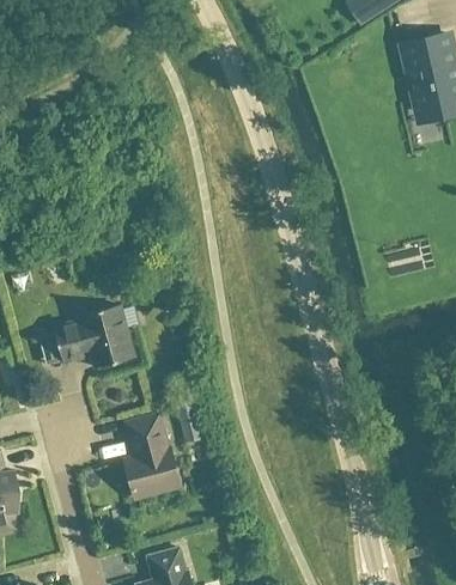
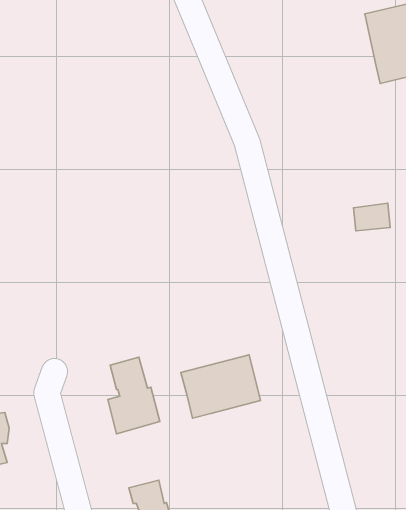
building: [54,305,133,367] -> none
building: none -> [181,355,260,418]

